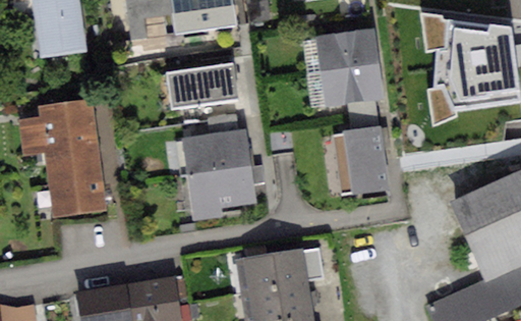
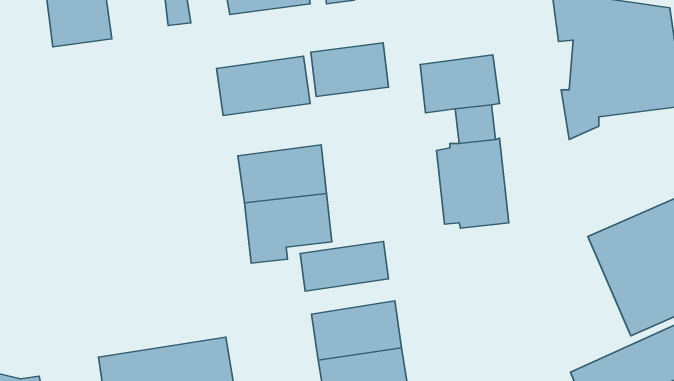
building: [316,29,375,69] -> [311,43,389,96]
building: [20,99,105,220] -> none
building: none -> [300,241,389,291]

